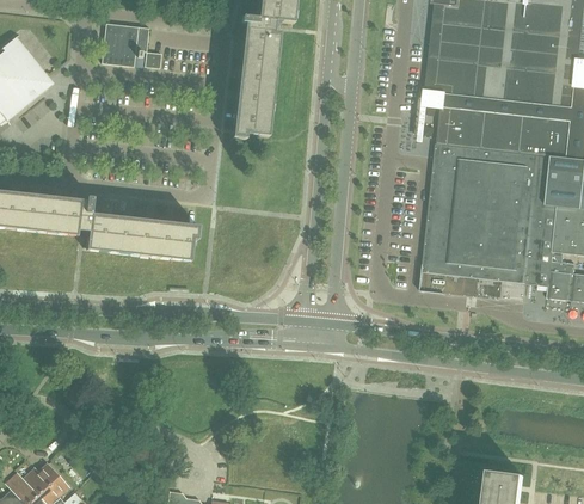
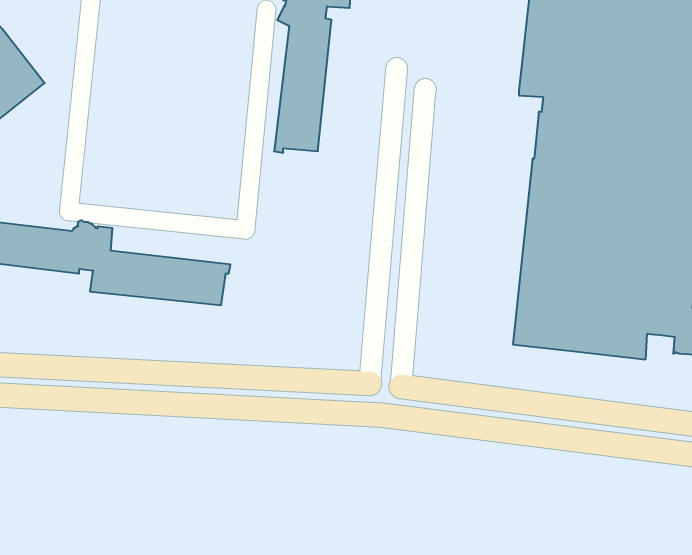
building: [102,24,162,68] -> none

